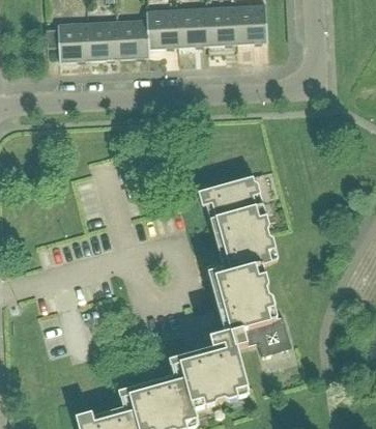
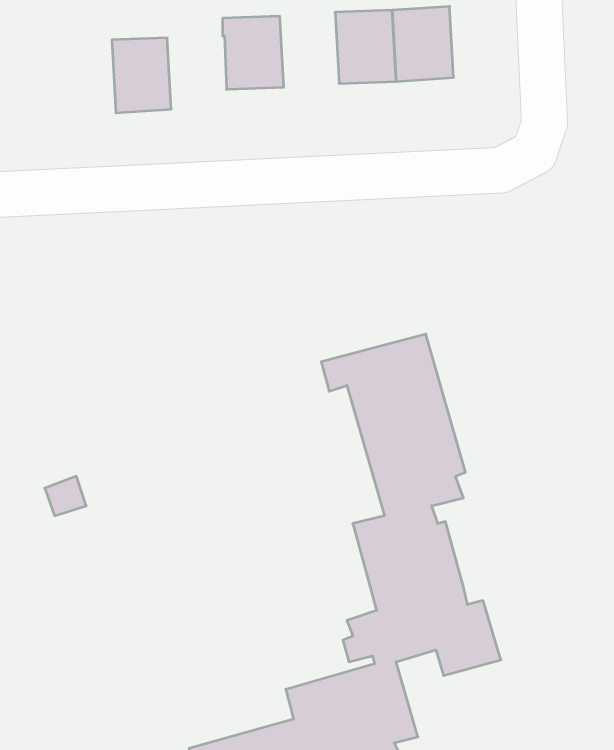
building: [175,7,206,47] -> none
building: [116,20,148,58] -> none
building: [45,22,89,61] -> none

